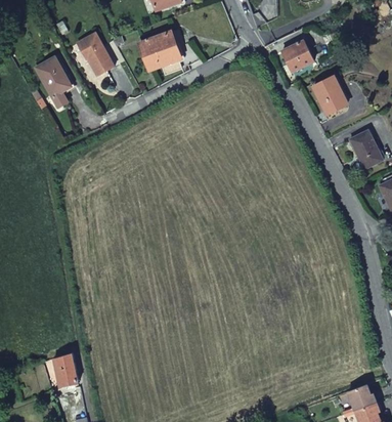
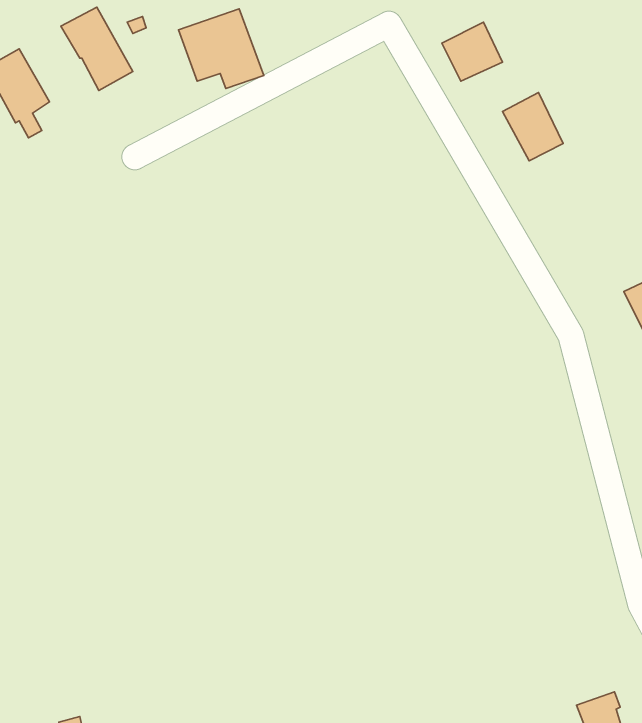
building: [347,132,381,170] -> none
building: [54,349,77,383] -> none
building: [346,383,374,409] -> none

